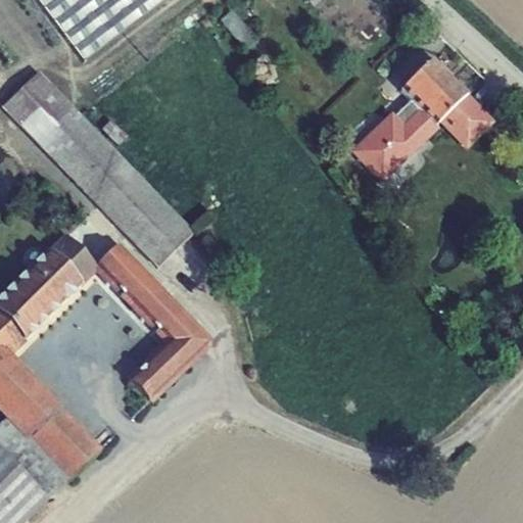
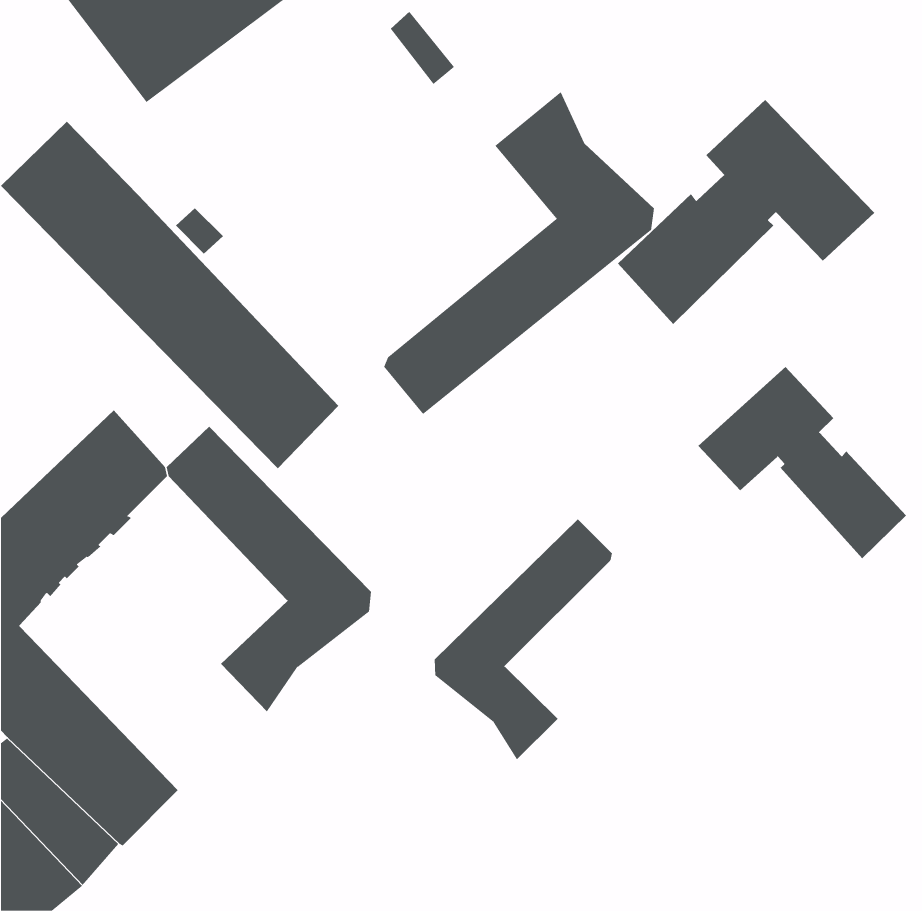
building: none -> [383,91,654,415]
building: none -> [697,366,907,559]
building: none -> [434,519,613,760]

